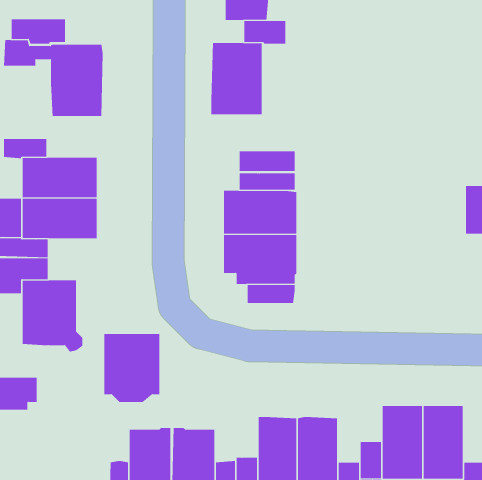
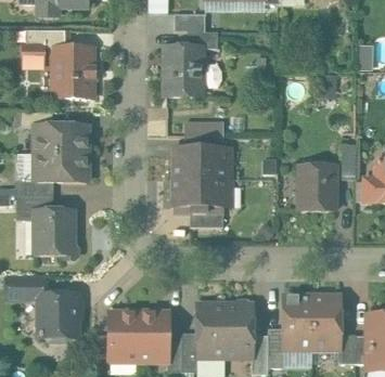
building: none -> [298,165,335,209]
building: [104,333,160,403] -> [39,294,78,341]

